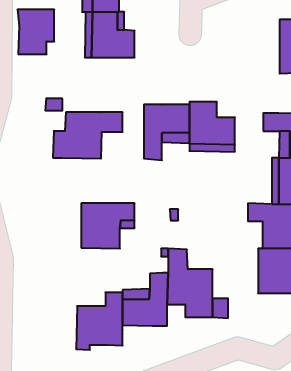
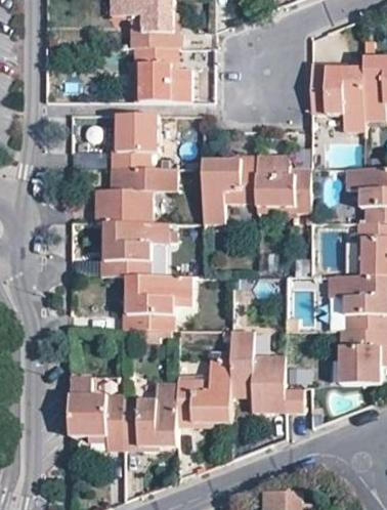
building: [17,10,54,54] -> [115,114,159,167]
building: none -> [310,61,363,131]
building: none -> [103,221,168,275]
building: none -> [69,393,122,450]

